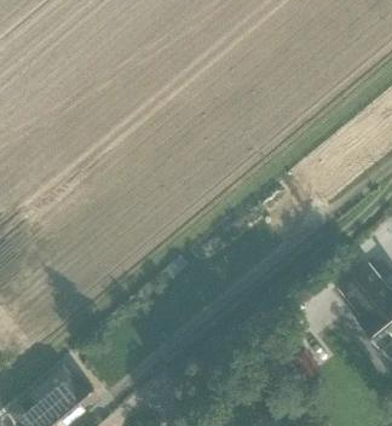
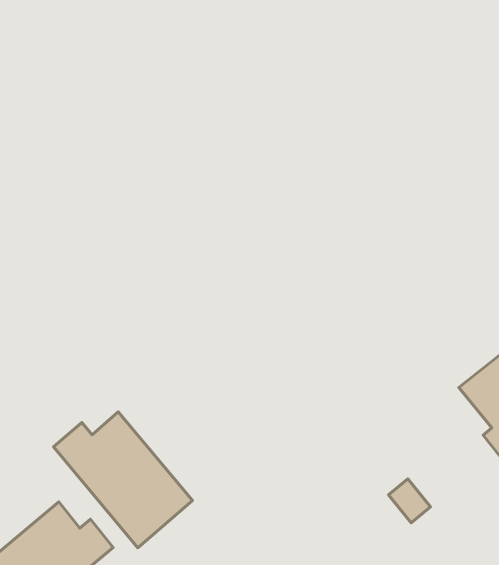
building: none -> [54,412,192,548]

